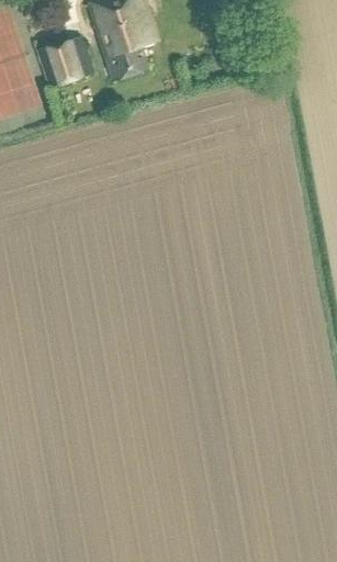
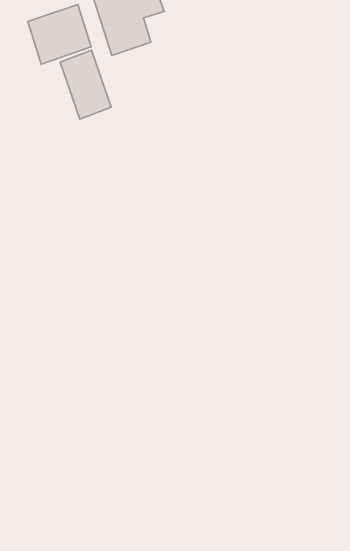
building: none -> [60,50,111,119]

